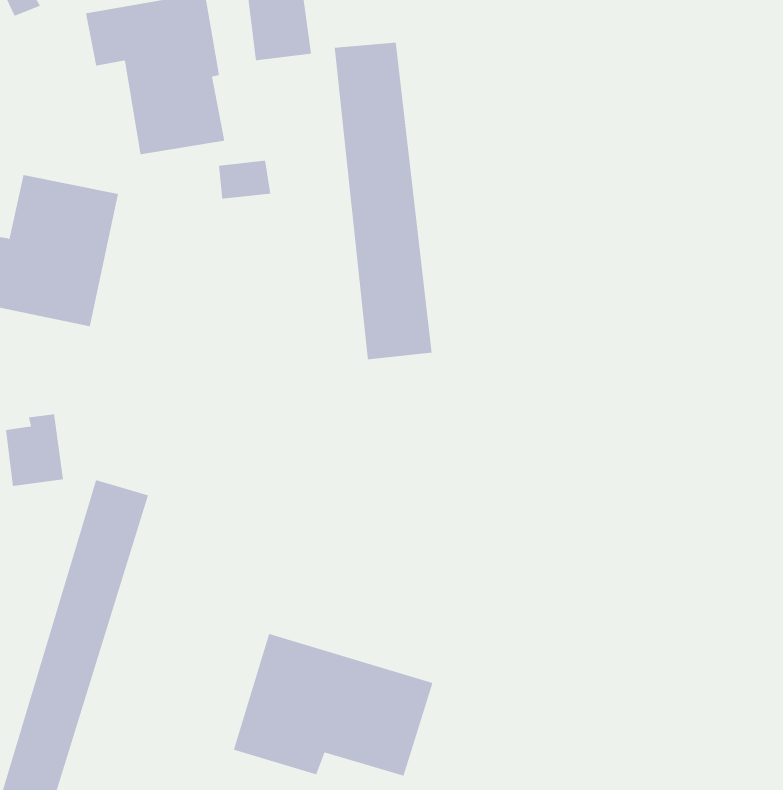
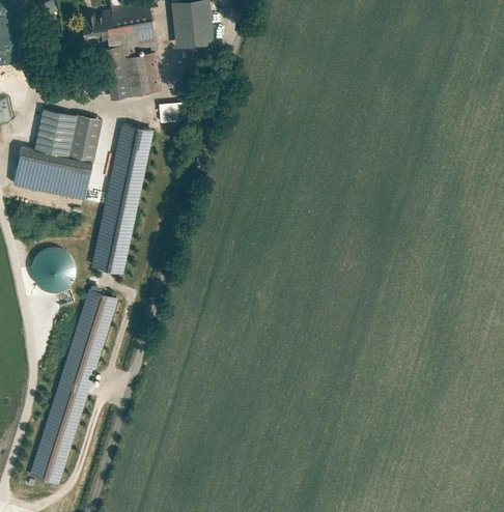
building: [334,42,432,360] -> none
building: none -> [91,124,152,274]
building: [233,633,433,776] -> none

